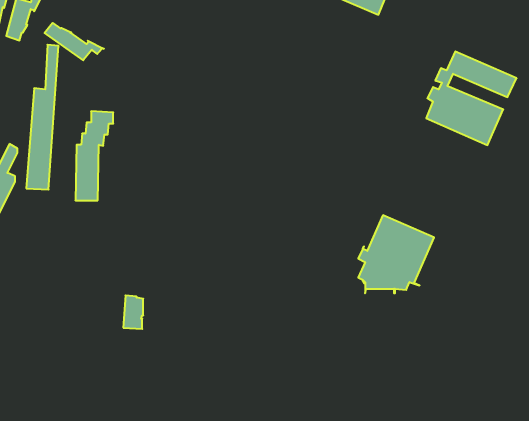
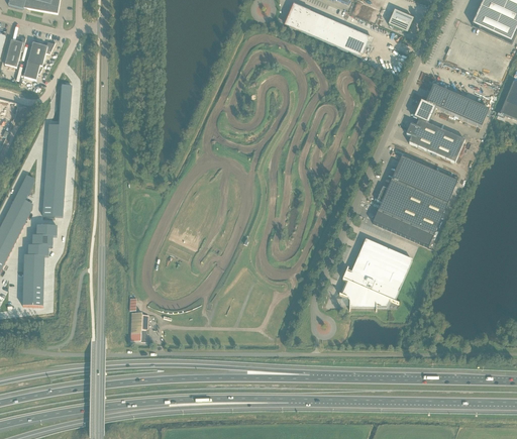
building: [45,23,104,60] -> none
building: [75,111,113,200] -> [23,223,58,304]
building: none -> [372,154,457,247]

